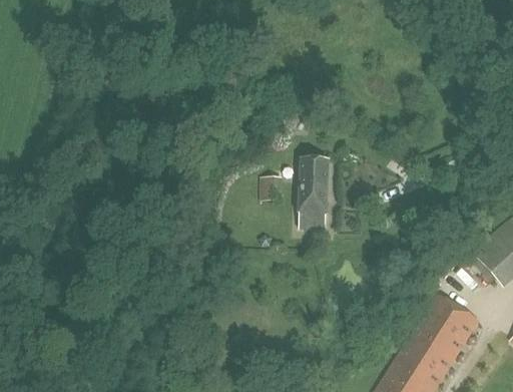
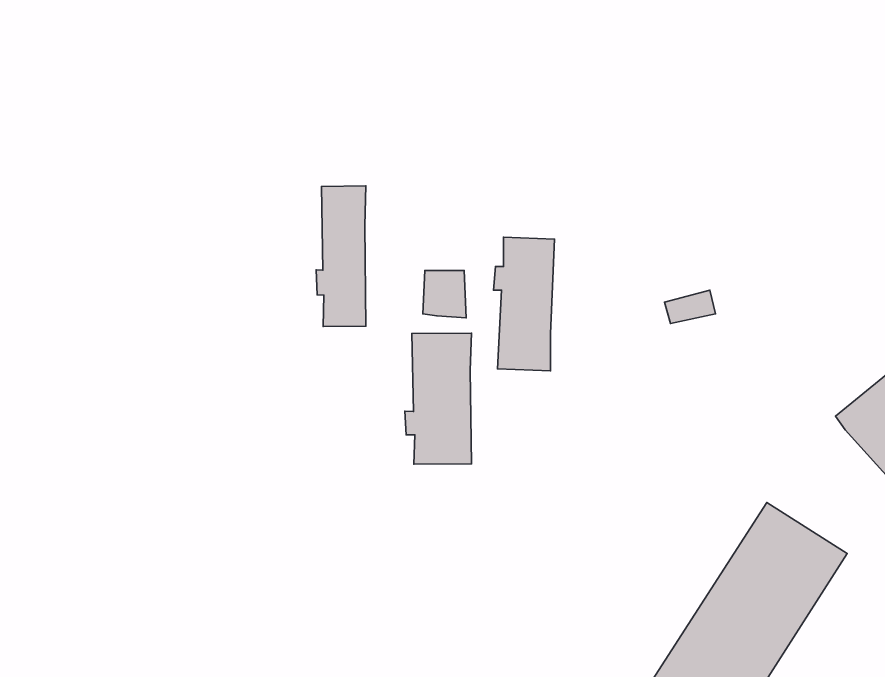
building: none -> [316,186,366,327]
building: none -> [405,333,471,464]

